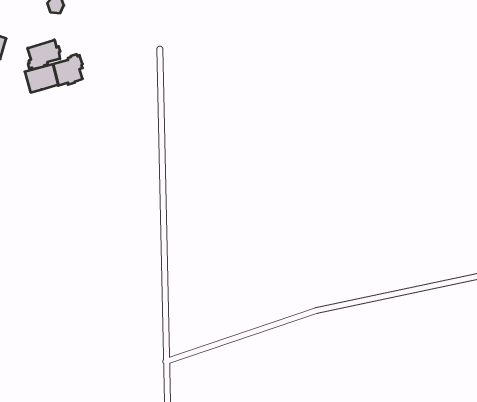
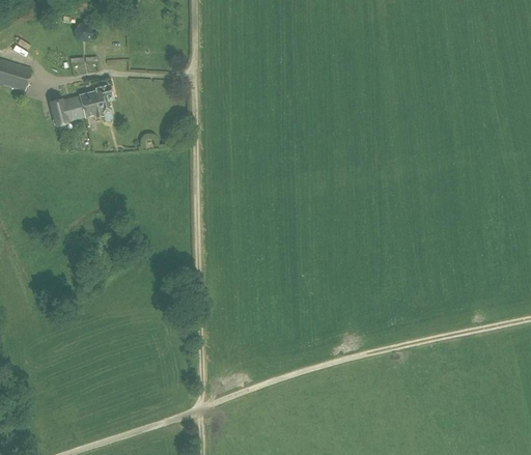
building: [28,40,60,70] -> none

